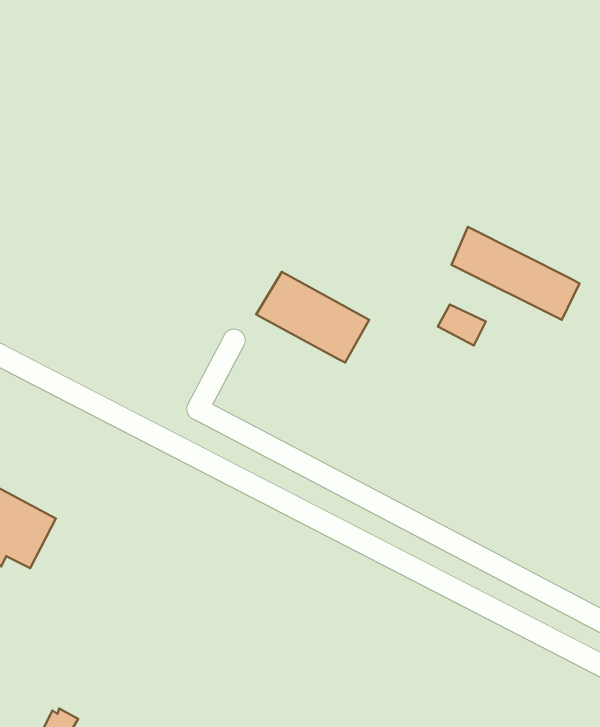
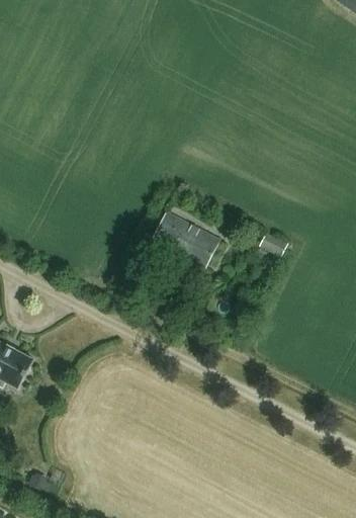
building: [451,227,579,320] -> none

